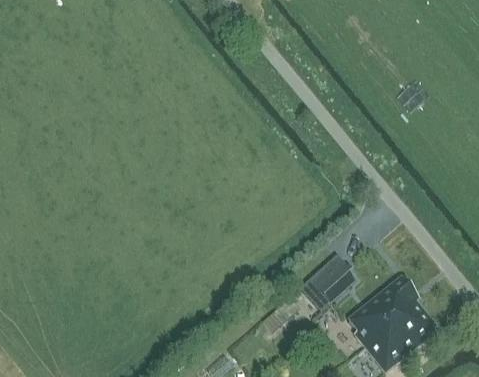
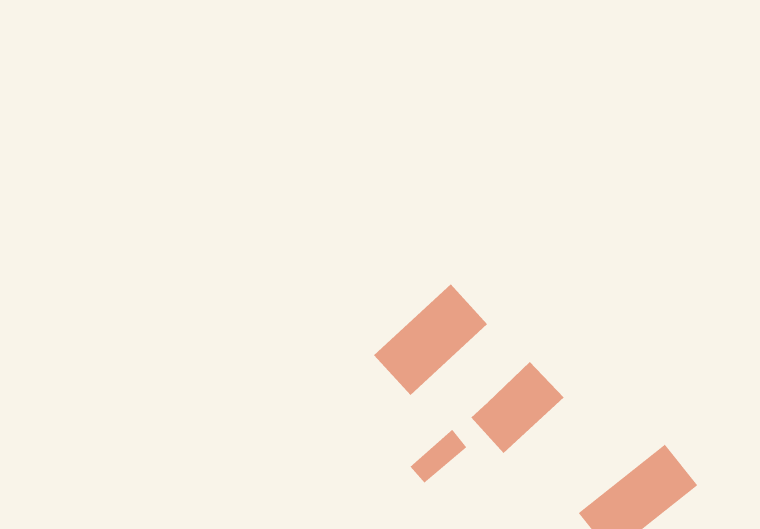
building: none -> [373,284,488,396]
building: [347,276,417,346] -> none

